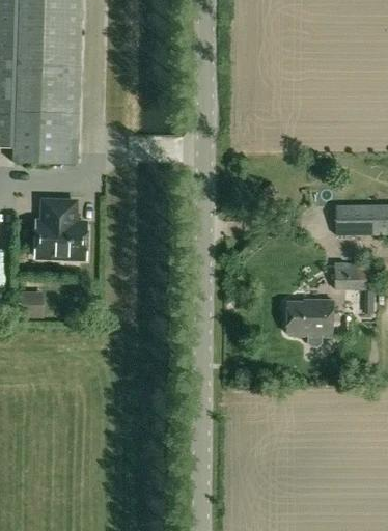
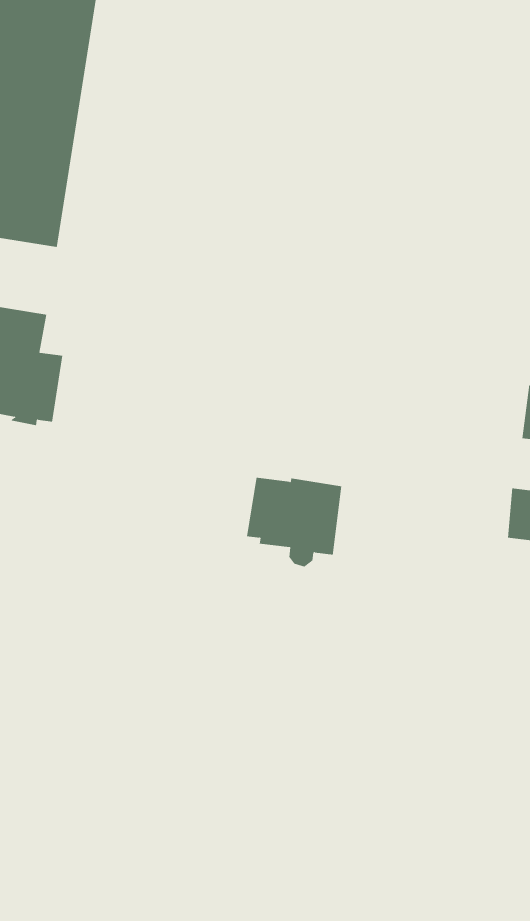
building: [284,298,332,344] -> [246,477,342,567]

